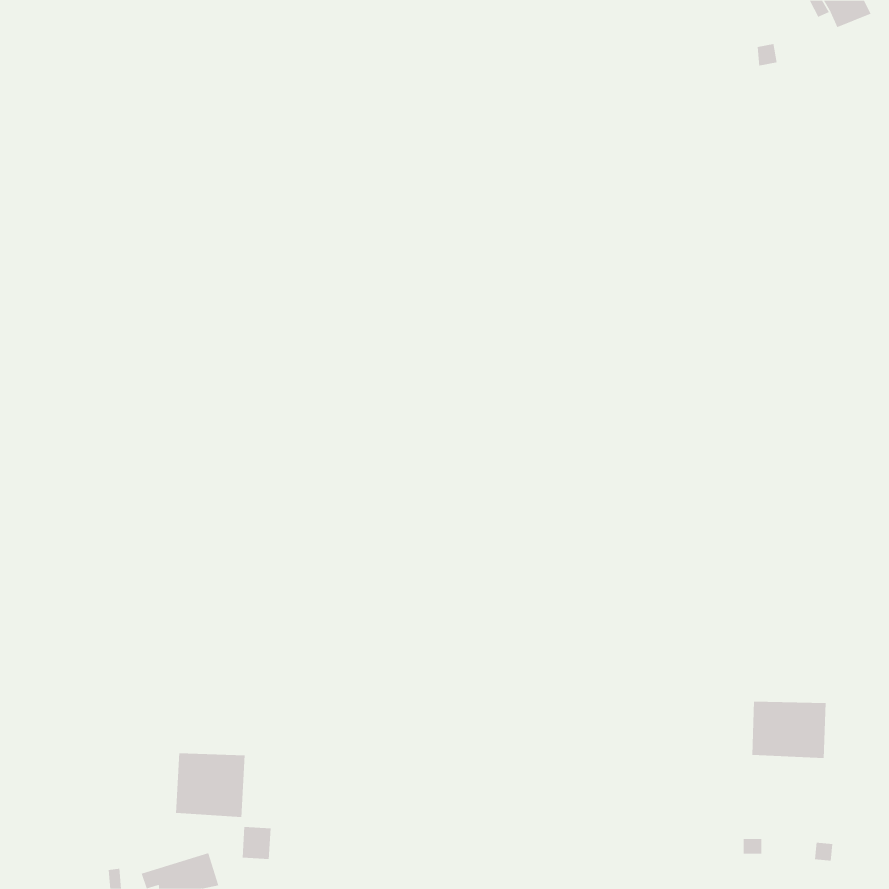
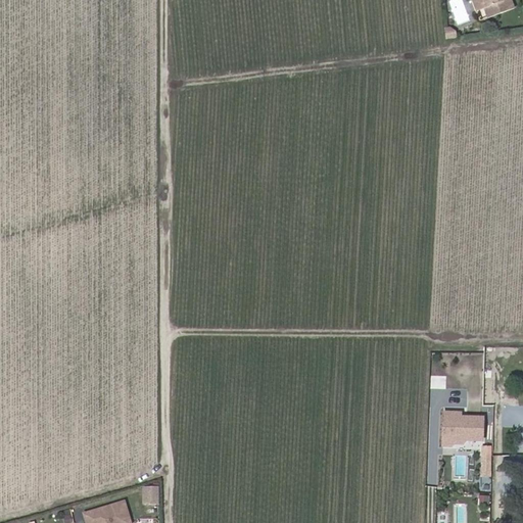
building: [176,752,245,818] -> none

